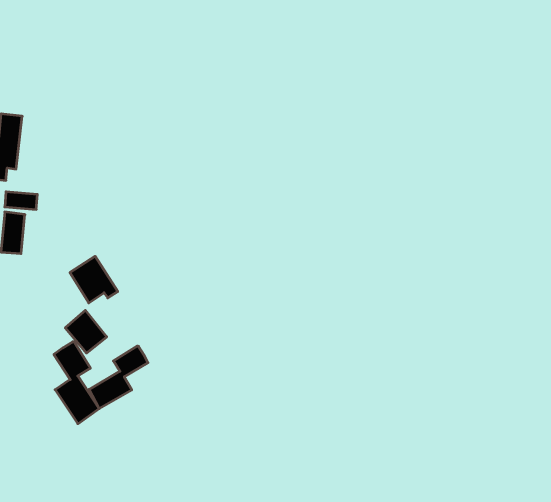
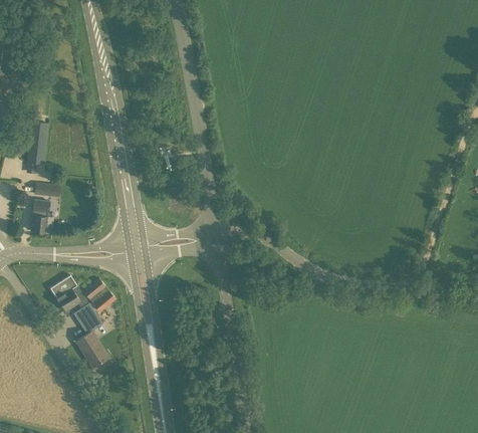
building: [70,256,118,303] -> [50,274,88,311]
building: [89,346,148,409] -> none

